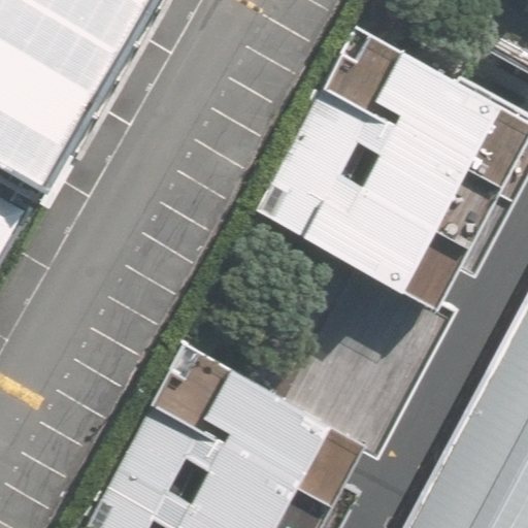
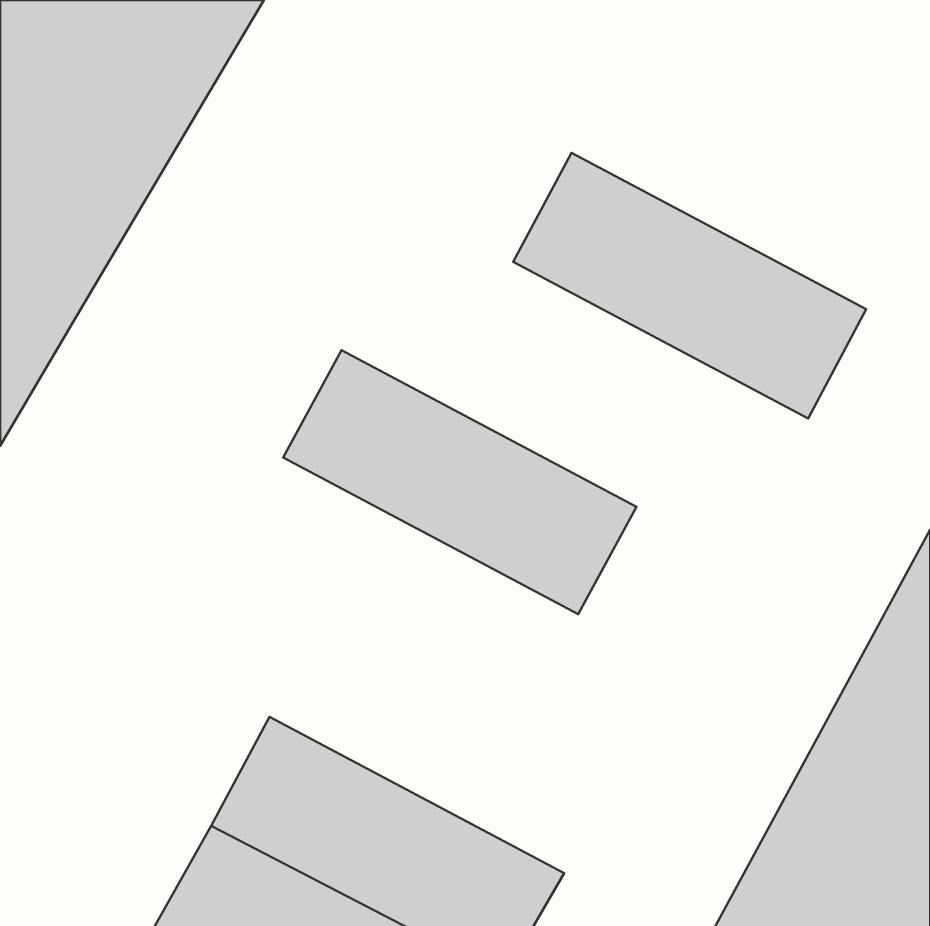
building: [324,28,523,177] -> none
building: [258,151,458,300] -> [283,350,636,614]
building: [153,348,353,497] -> none

